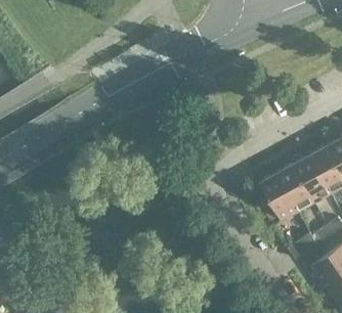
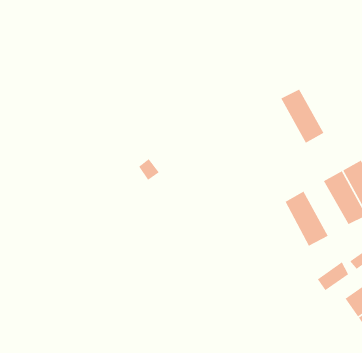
building: [275,165,313,212] -> [280,89,325,144]

